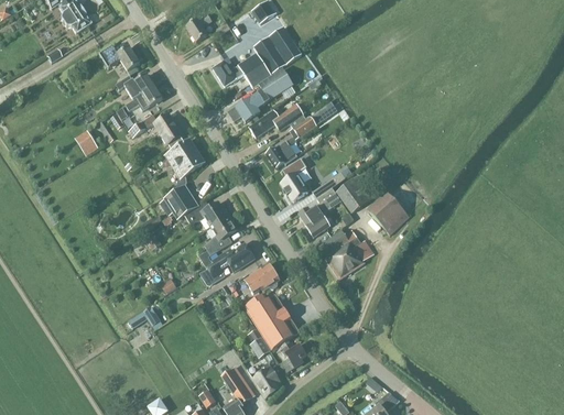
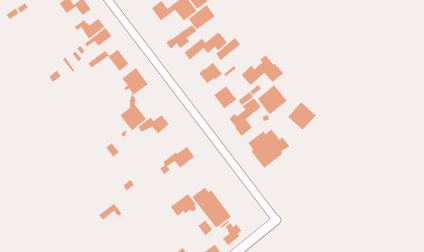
building: none -> [241,54,284,86]
building: [205,214,236,254] -> none
building: [245,263,279,292] -> [170,193,197,217]

